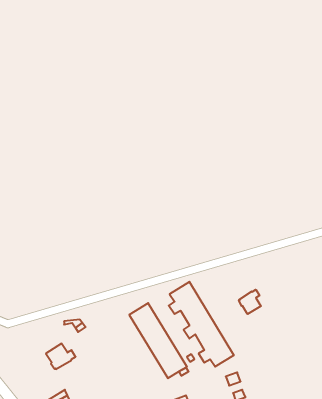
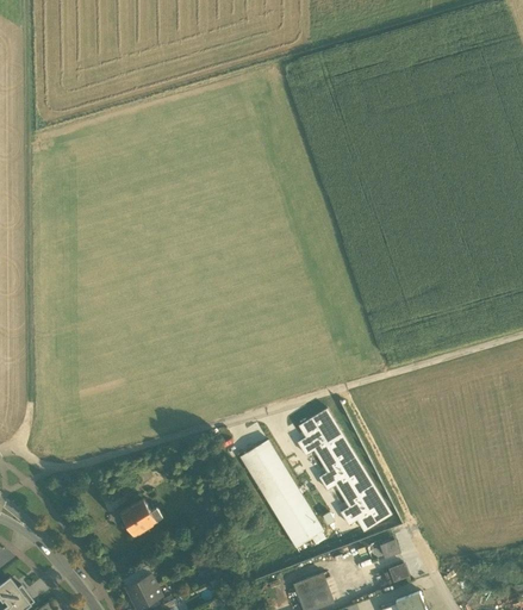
building: [239,290,261,314] -> none

